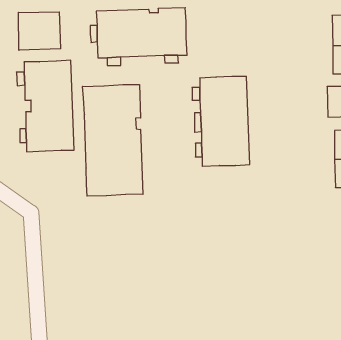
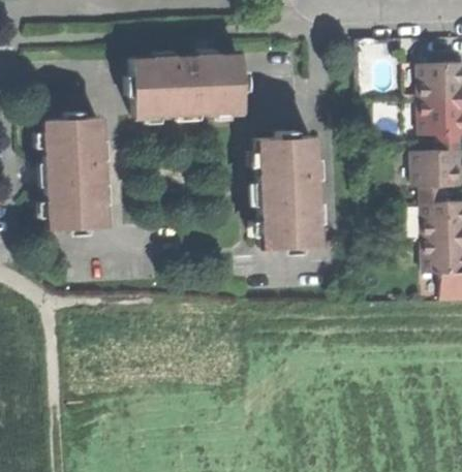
building: [18,12,61,50] -> none
building: [83,85,143,196] -> none

